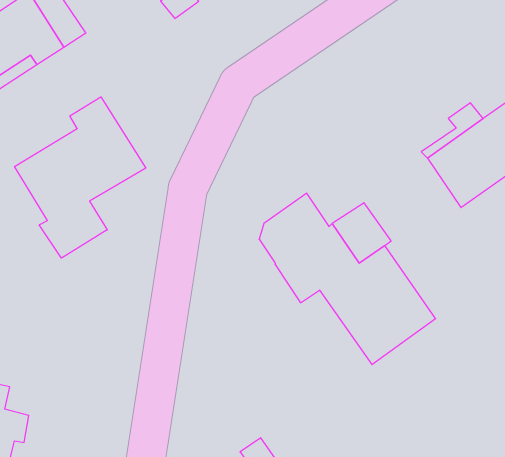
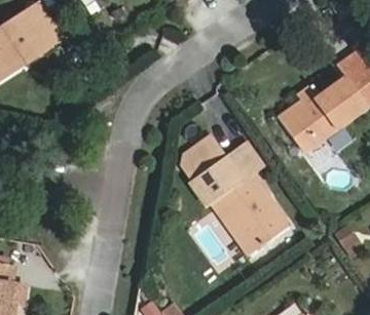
building: [15,97,146,258] -> none

